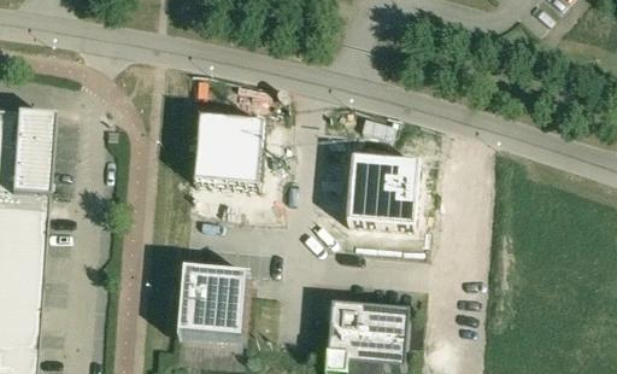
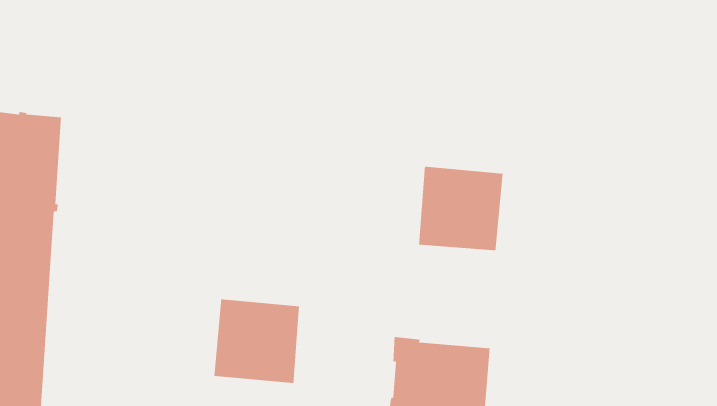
building: [194,113,265,185] -> none

